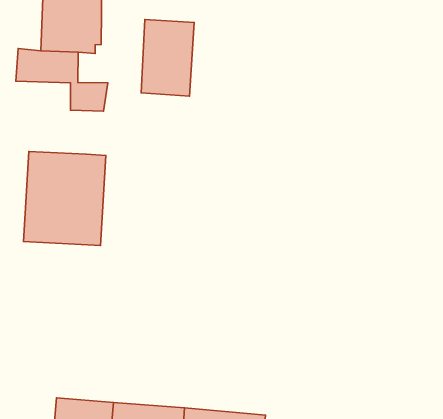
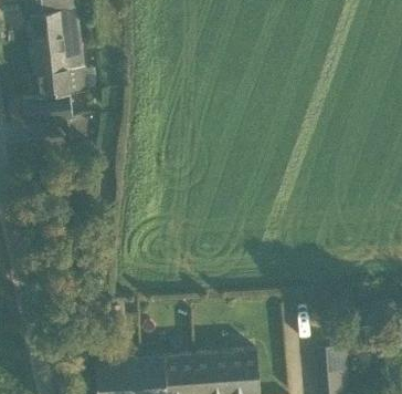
building: [141,20,194,96] -> none
building: [23,152,106,246] -> none

